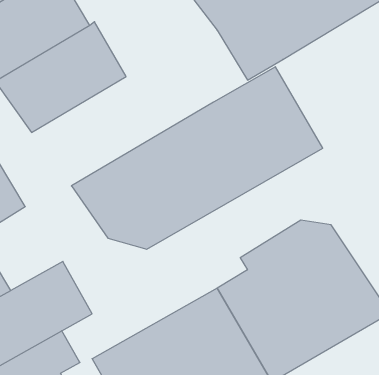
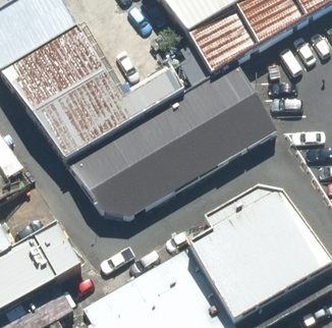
building: none -> [33,70,185,163]

